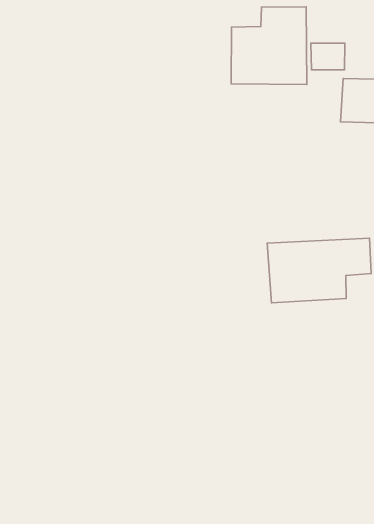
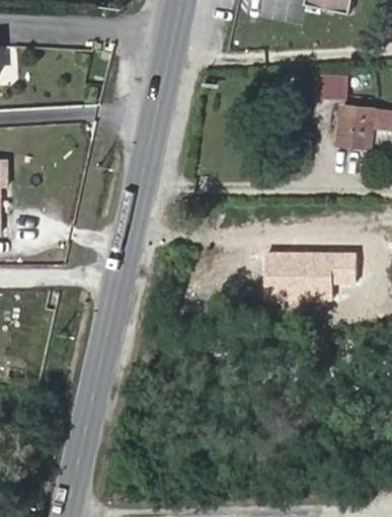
building: [231,7,307,84] -> none

